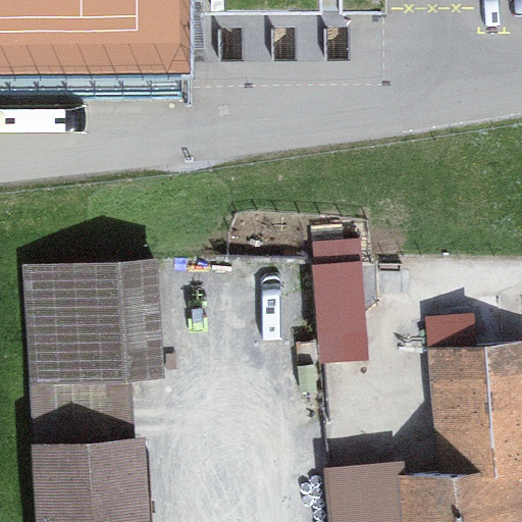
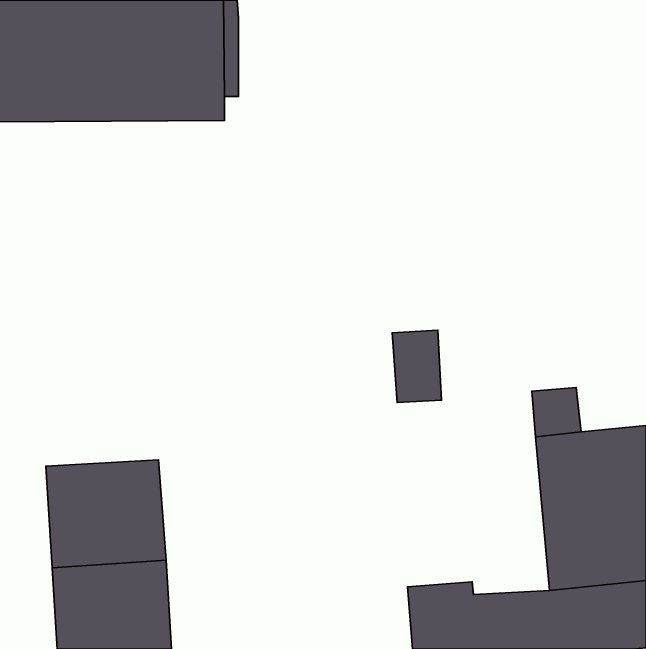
building: [31,264,160,374] -> none

